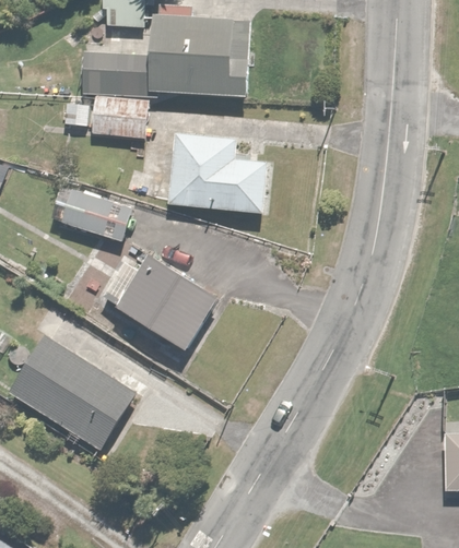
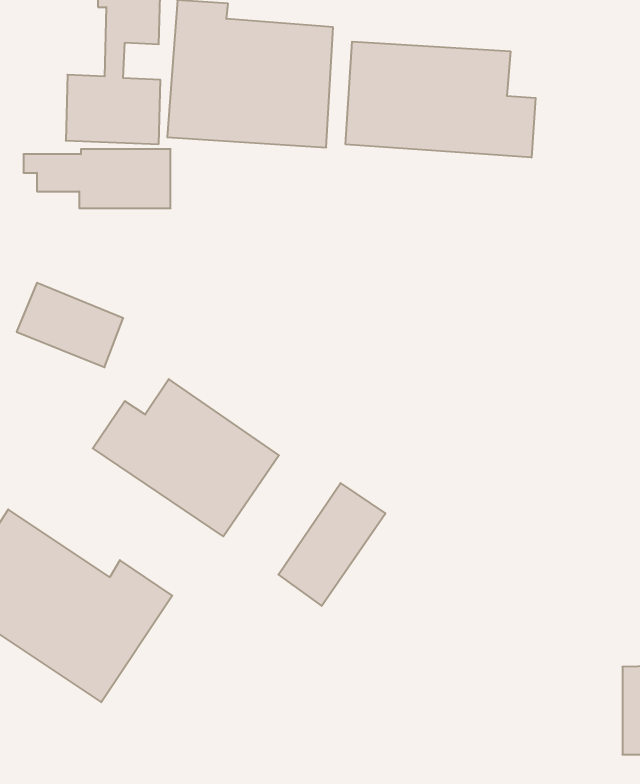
building: none -> [346,42,536,158]
building: [167,133,269,215] -> none
building: none -> [278,483,385,606]

